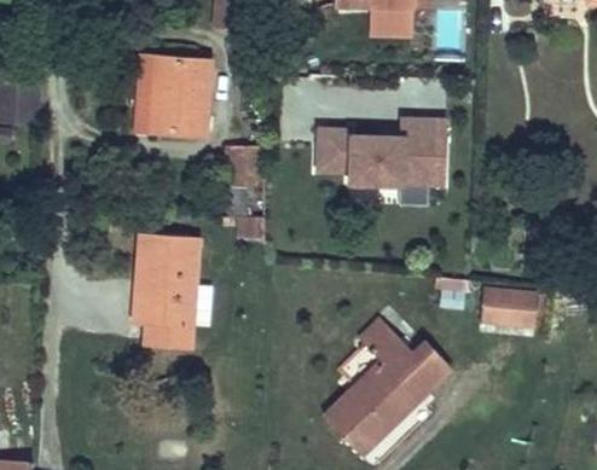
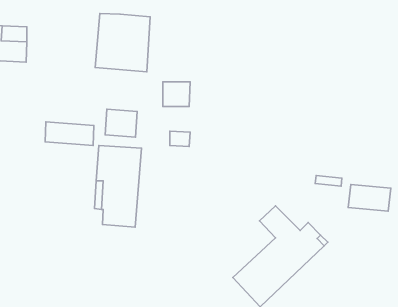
building: [308,121,445,193] -> none
building: none -> [105,109,137,137]
building: none -> [45,122,94,145]

